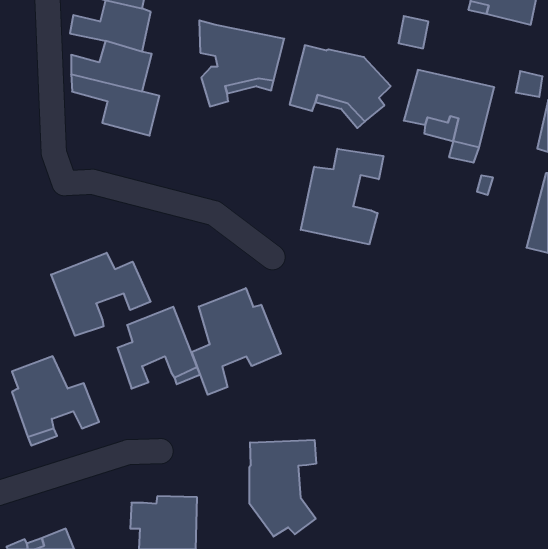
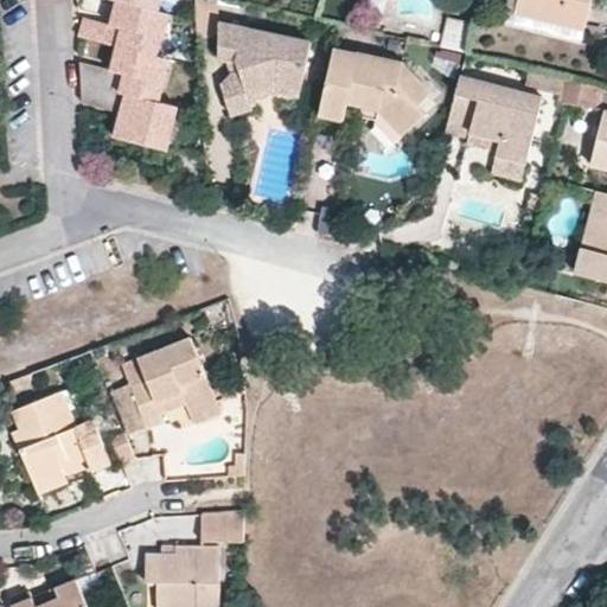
building: [301,149,383,244] -> none
building: [51,253,151,336] -> none
building: [192,288,281,395] -> none
building: [249,440,316,537] -> none
building: none -> [200,511,242,541]

